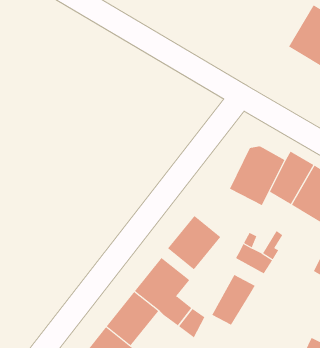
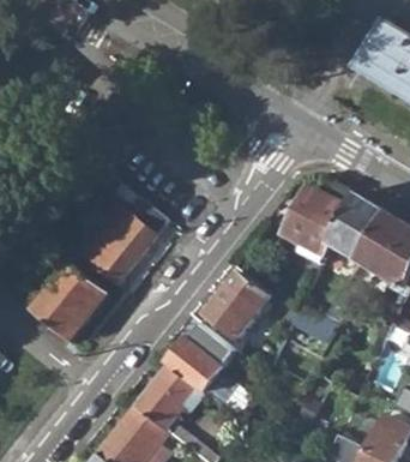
building: none -> [77,187,170,284]
building: none -> [32,258,114,340]
building: [212,274,255,326] -> none

